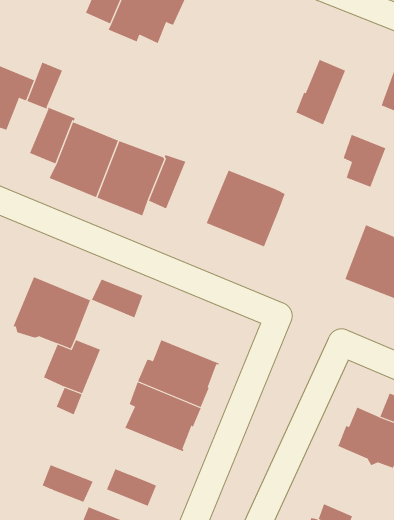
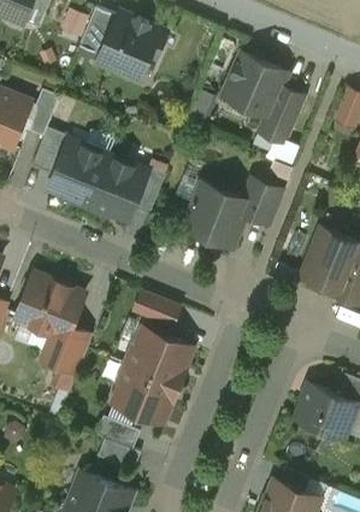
building: none -> [223,52,287,114]
building: [343,134,386,188] -> [243,177,281,223]
building: [91,279,143,318] -> [134,292,178,325]
building: [42,465,94,502] -> [95,416,140,448]

